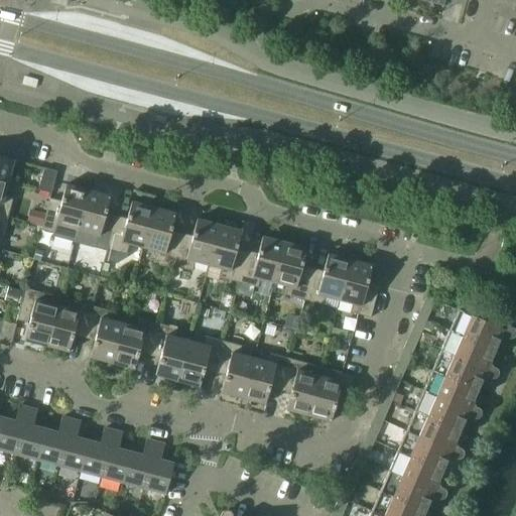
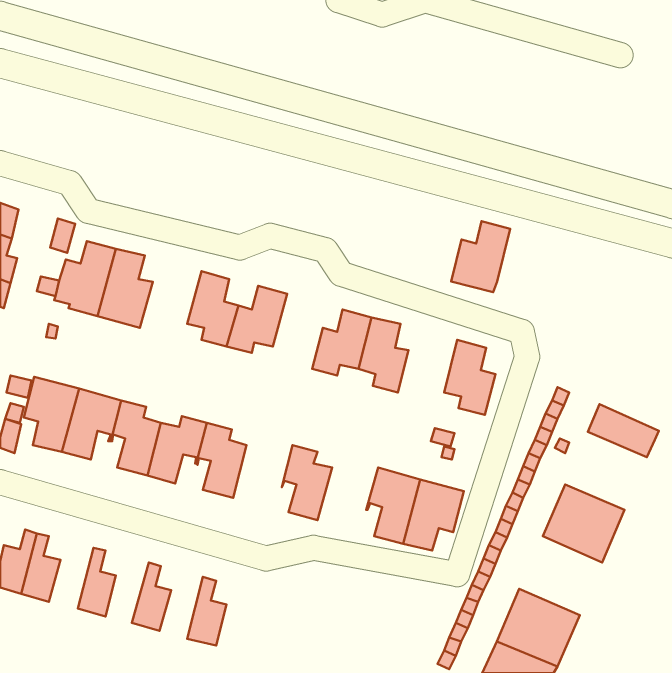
building: [106,202,155,263] -> none
building: [210,225,248,282] -> none
building: [305,254,351,308] -> [451,221,510,292]
building: [433,331,496,390] -> none
building: [179,336,225,387] -> none
building: [244,353,290,404] -> none
building: [398,410,462,471] -> none
building: [38,417,73,466] -> none
building: [82,428,115,477] -> none
building: [123,439,156,489] -> none

